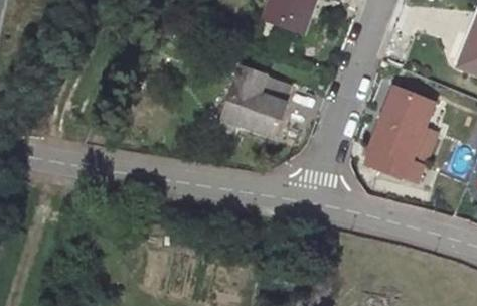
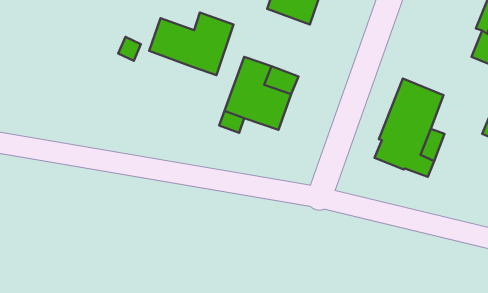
building: none -> [149,13,233,75]

